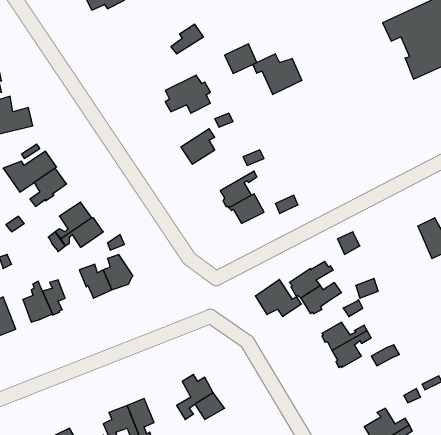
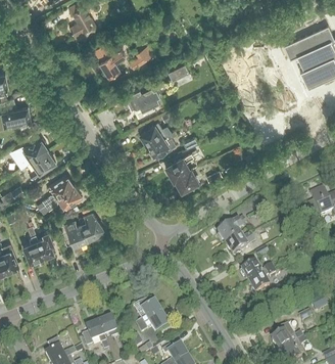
building: none -> [94,43,125,77]
building: [252,54,302,95] -> none
building: none -> [146,131,177,160]
building: [255,279,302,317] -> none

